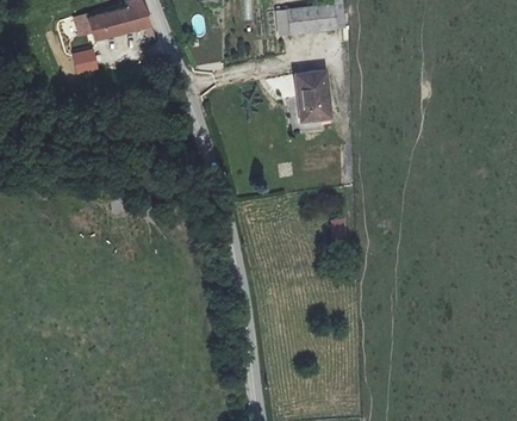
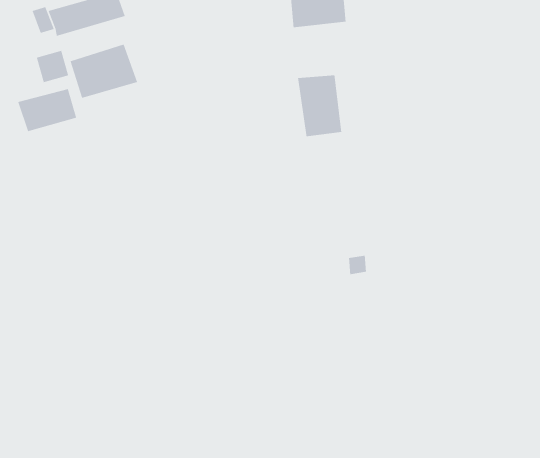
building: none -> [69,44,138,99]
building: none -> [17,88,77,132]

